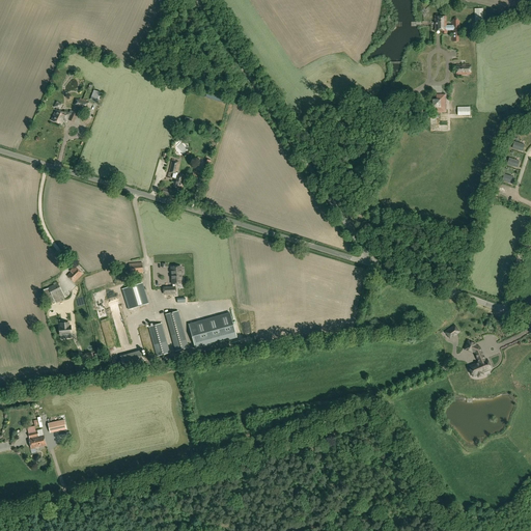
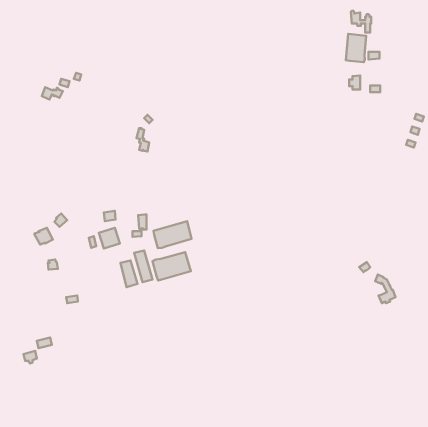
building: none -> [346,34,366,62]
building: none -> [153,221,192,248]

